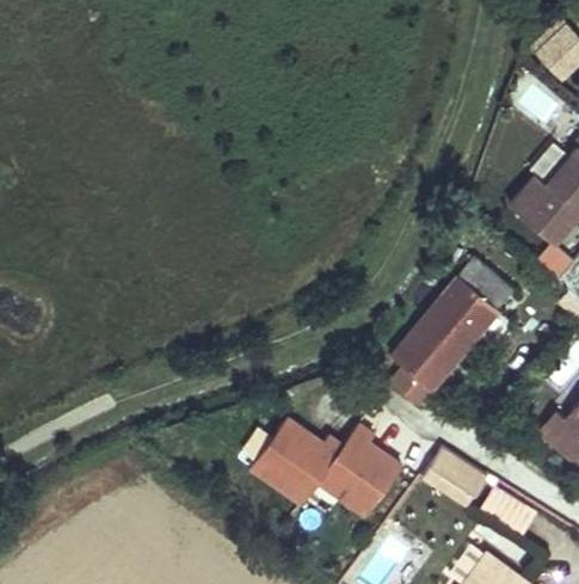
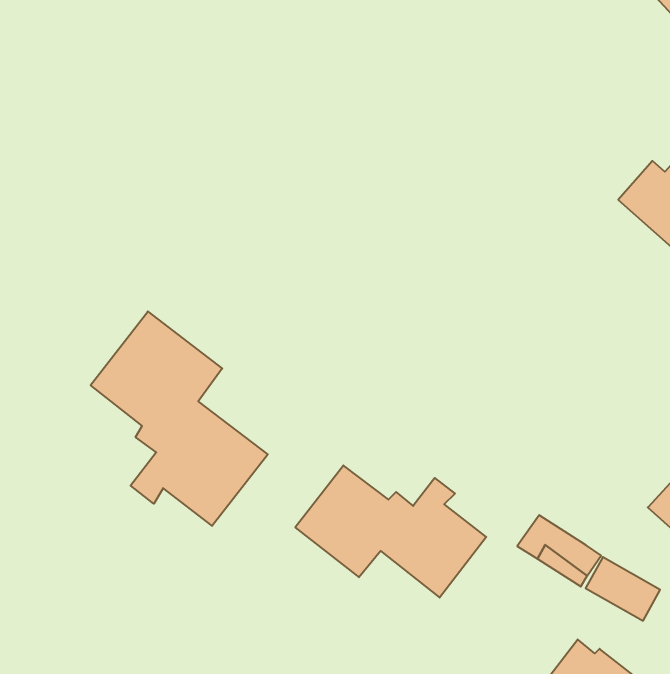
building: [393,262,509,388] -> none
building: none -> [91,311,268,526]

